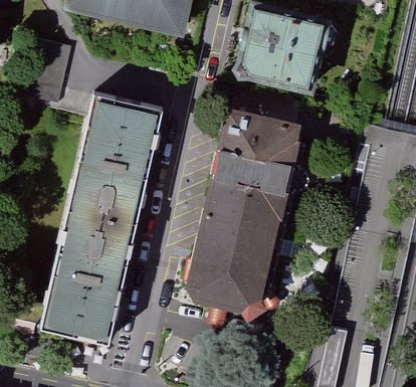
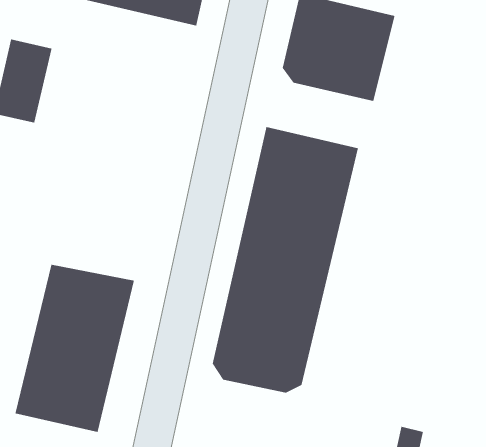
building: [70,95,159,223] -> none

